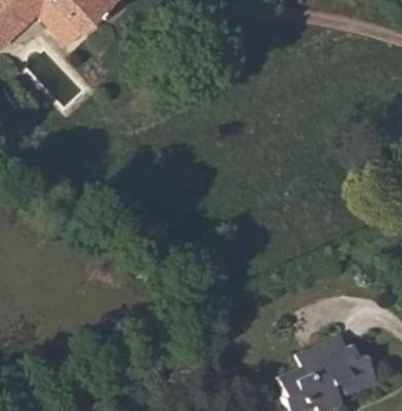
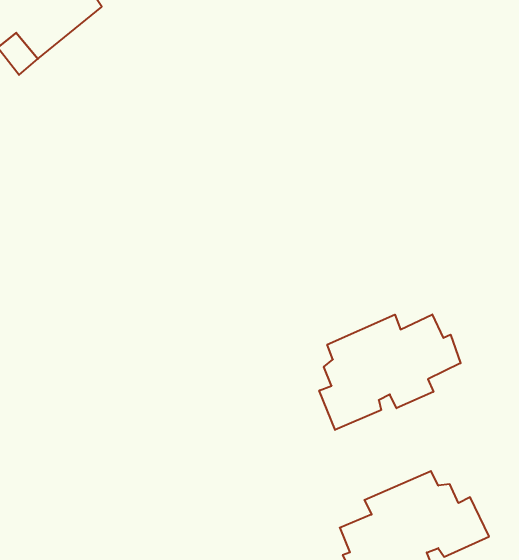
building: none -> [319,314,461,430]

